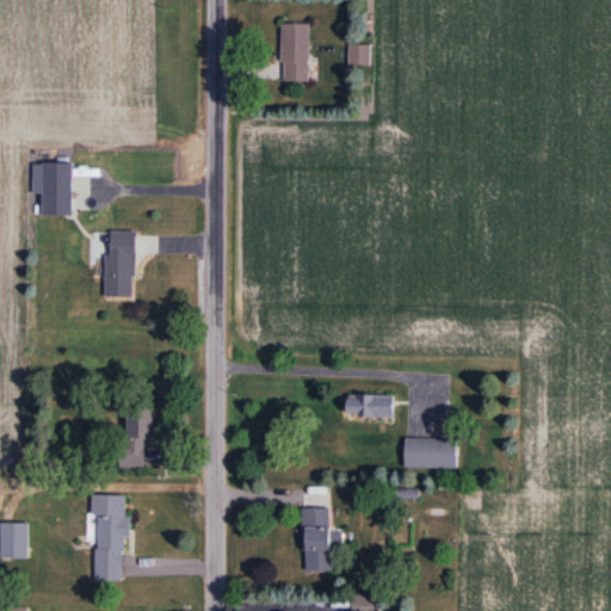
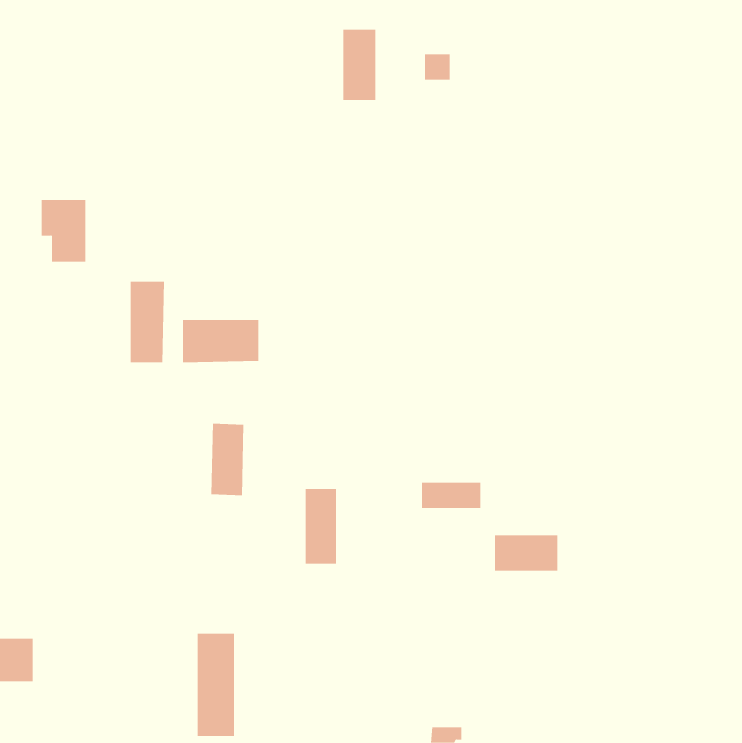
building: none -> [182,319,259,363]
building: [122,408,149,468] -> [211,423,244,496]
building: [93,495,124,580] -> [197,633,235,737]
building: [303,508,329,570] -> [305,488,337,564]

